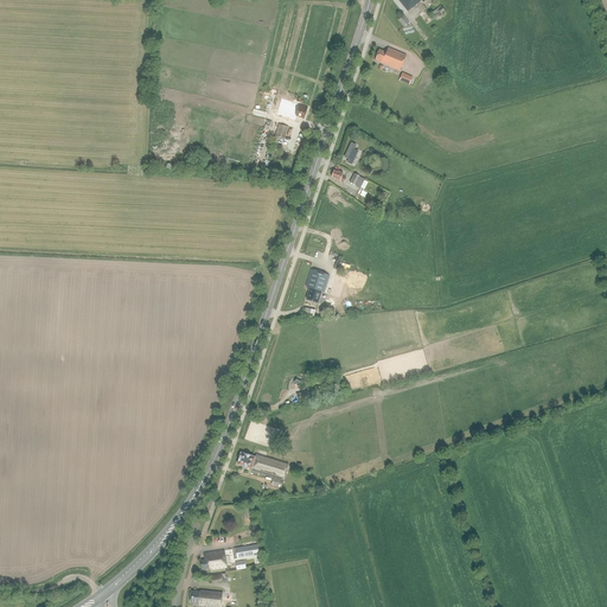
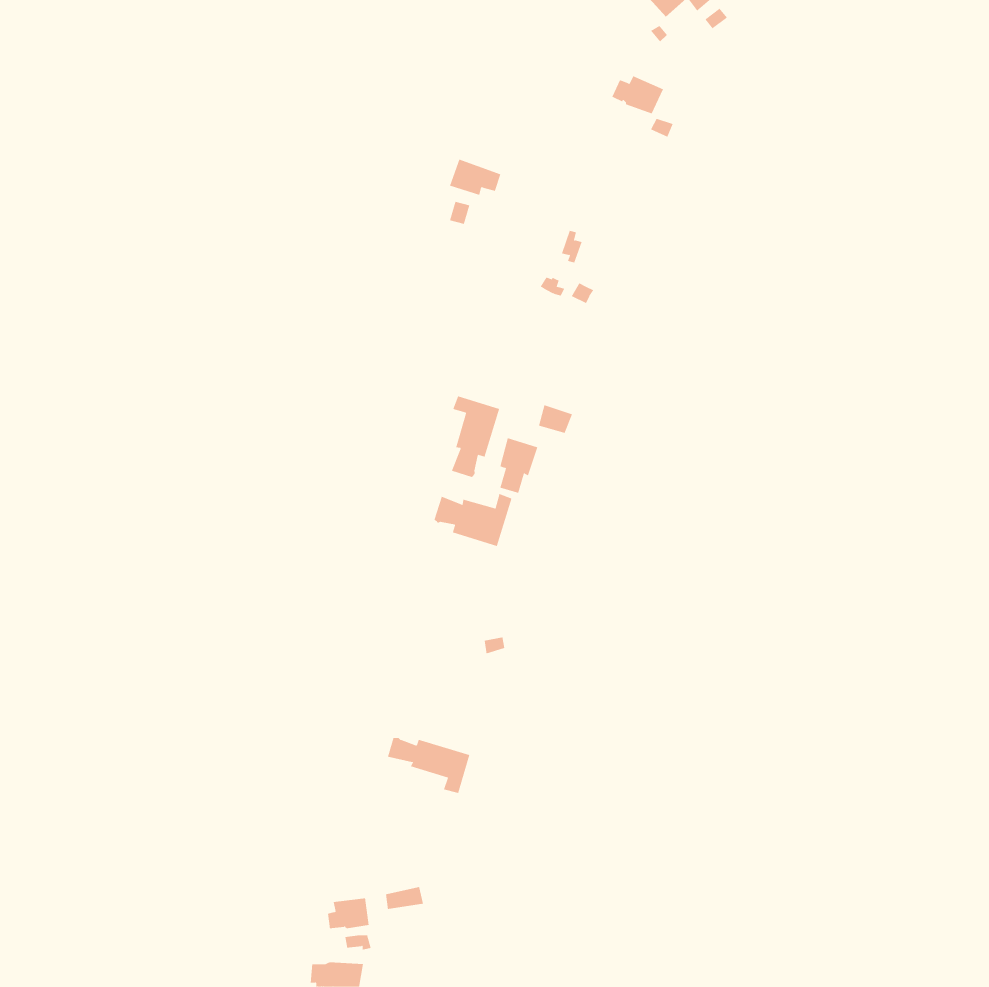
building: none -> [451,396,500,478]
building: none -> [434,493,512,547]

